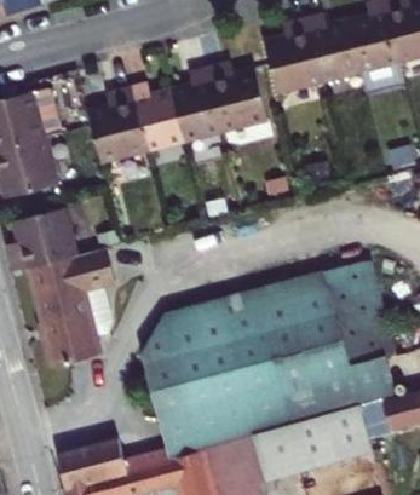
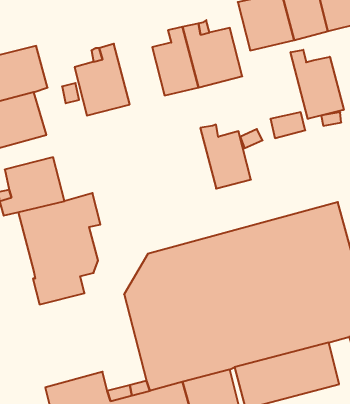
building: [130,84,184,152] -> [200,125,251,189]
building: none -> [291,50,344,119]

